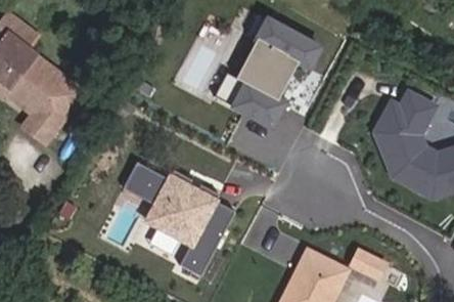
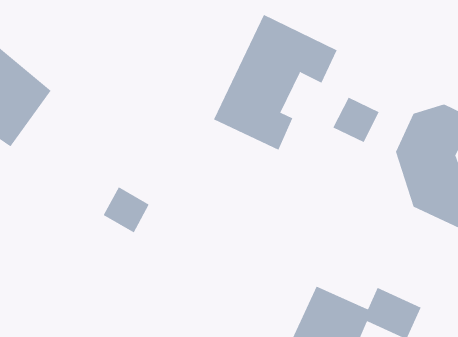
building: none -> [333,97,380,143]
building: [136,174,240,276] -> none

